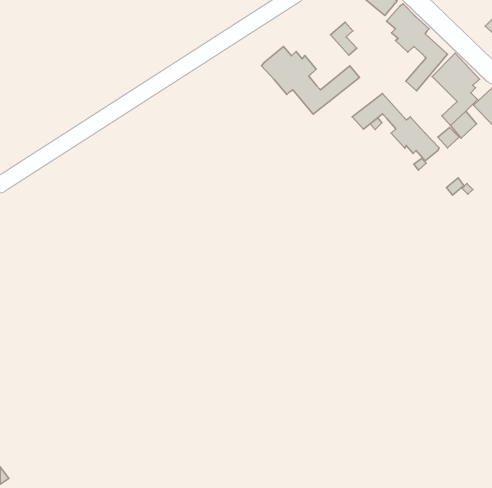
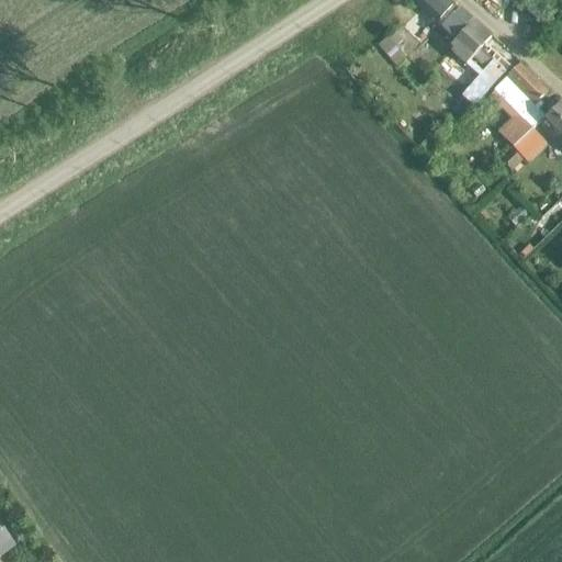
building: [261,46,360,114] -> none
building: [352,93,439,161] -> none

